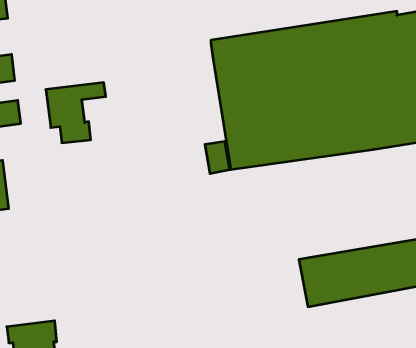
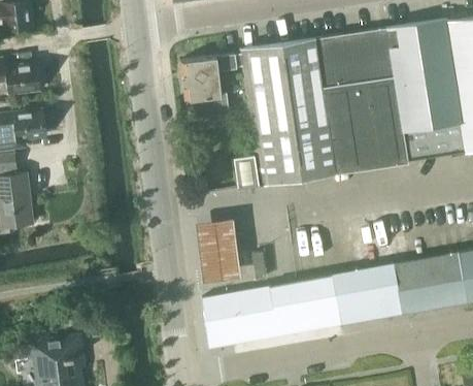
building: [46,83,106,143] -> [181,53,243,115]
building: none -> [193,218,240,283]
building: none -> [203,276,341,348]

